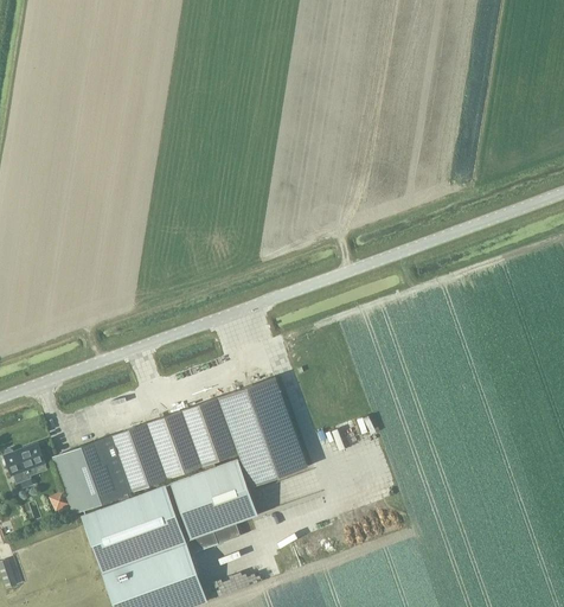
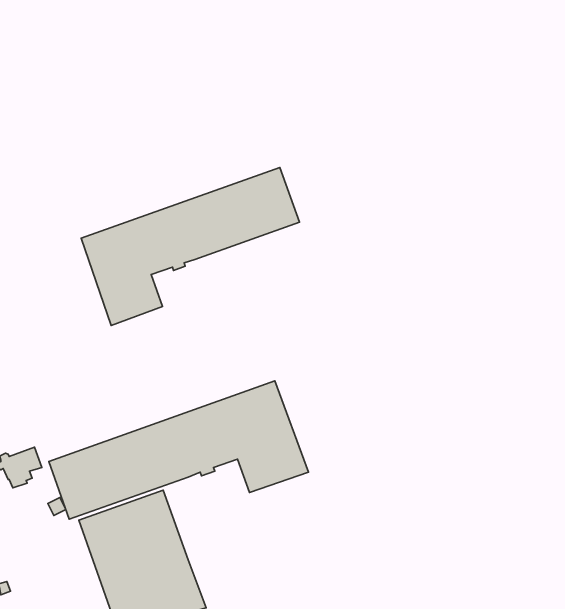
building: none -> [81,167,299,325]
building: [171,459,257,545] -> none

